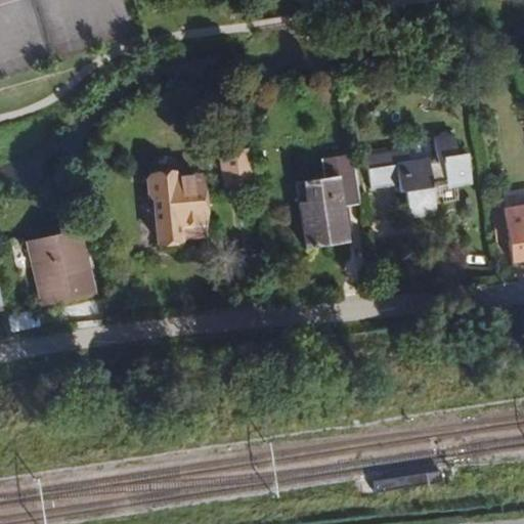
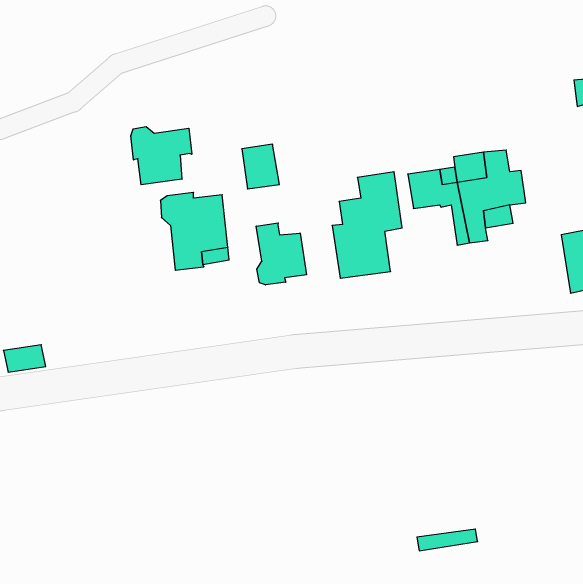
building: none -> [131,127,192,185]
building: none -> [256,223,306,285]
building: [29,229,95,304] -> none

